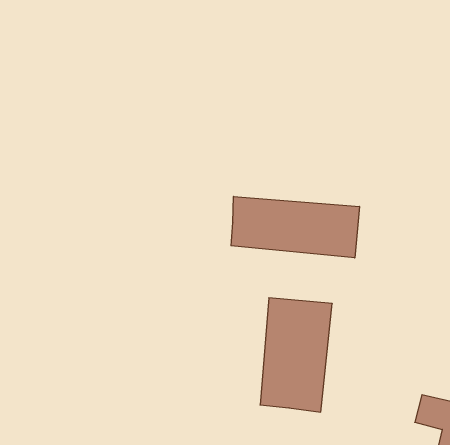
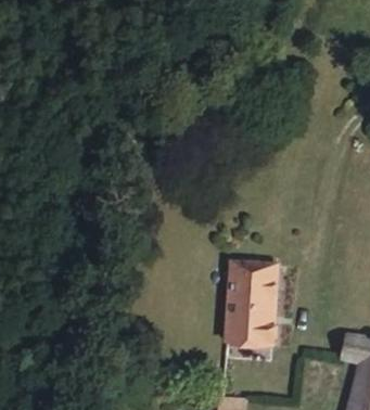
building: [231,196,359,258] -> none

